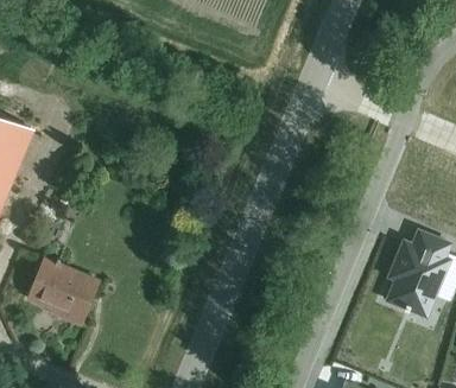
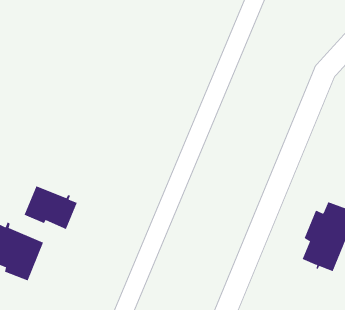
building: none -> [24,185,78,230]

